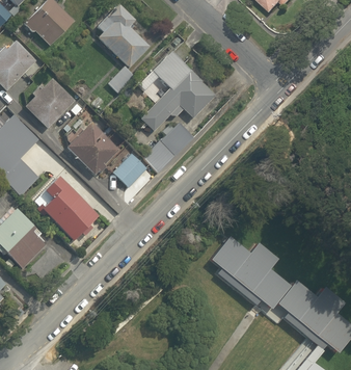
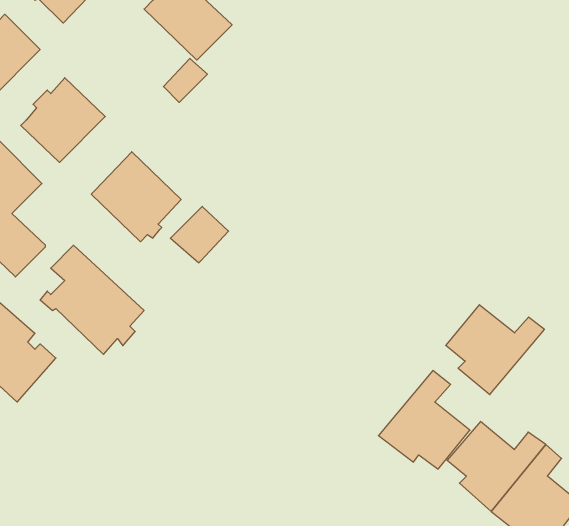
building: [142,52,216,131] -> none
building: [144,123,195,173] -> none
building: [211,236,269,289] -> [446,305,544,395]

